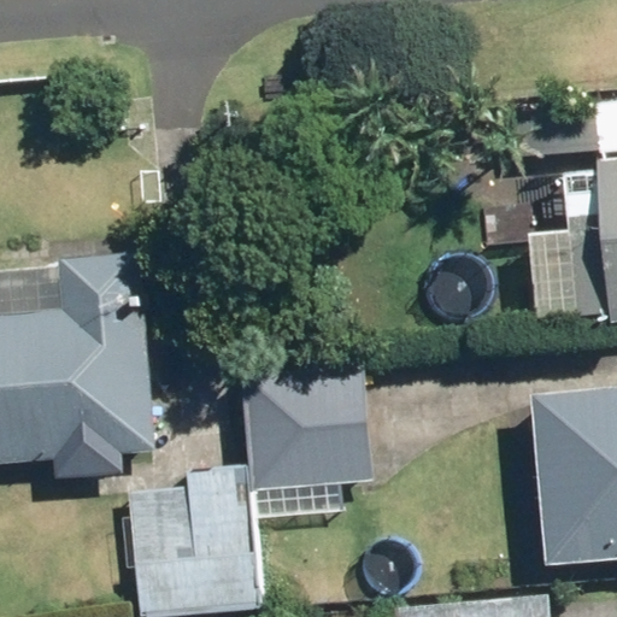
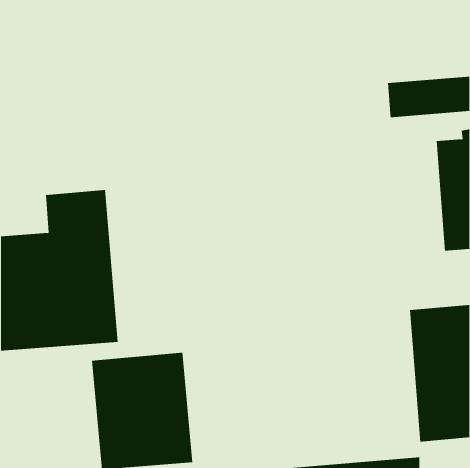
building: [239,364,370,517] -> none

